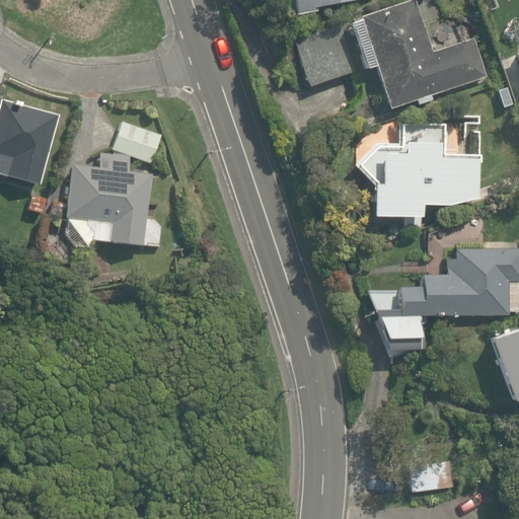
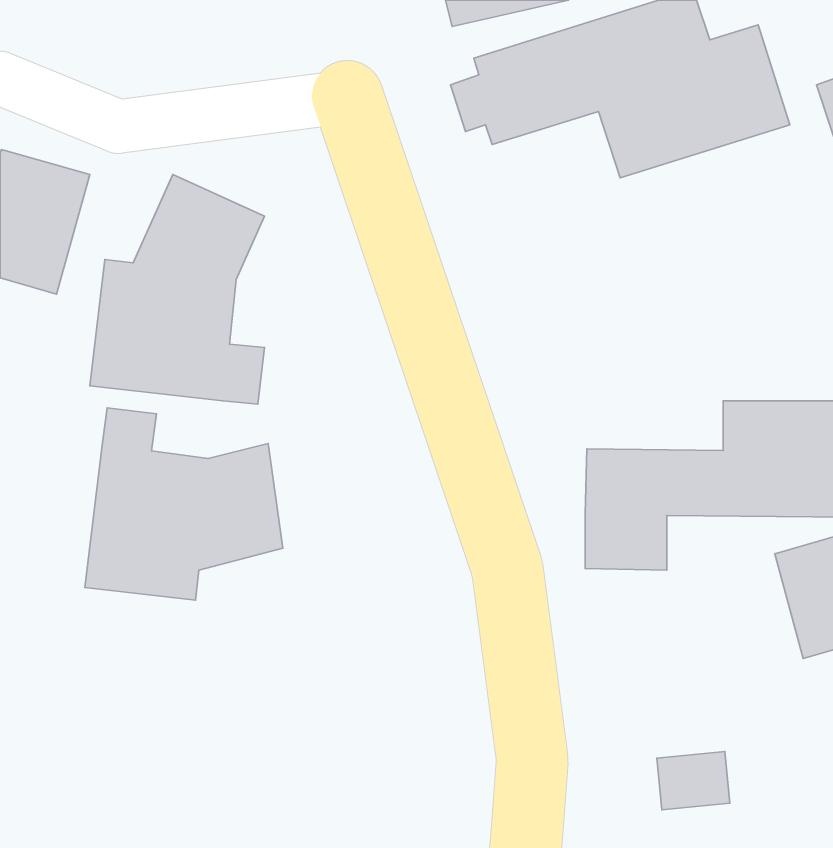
building: [348,124,476,220] -> none
building: none -> [85,408,283,600]

